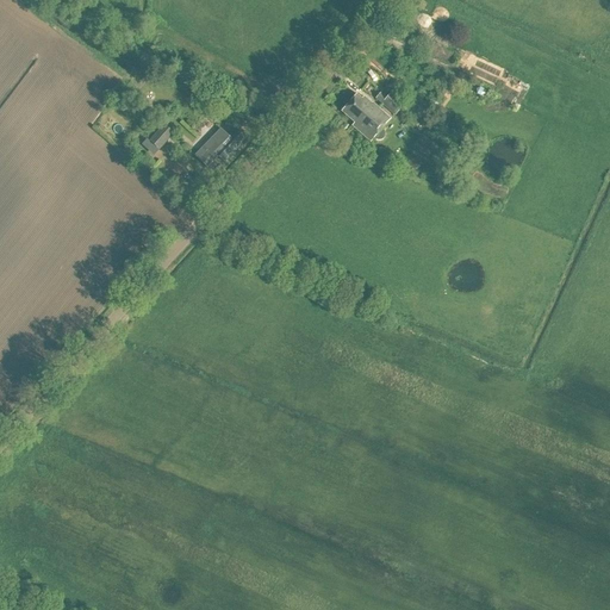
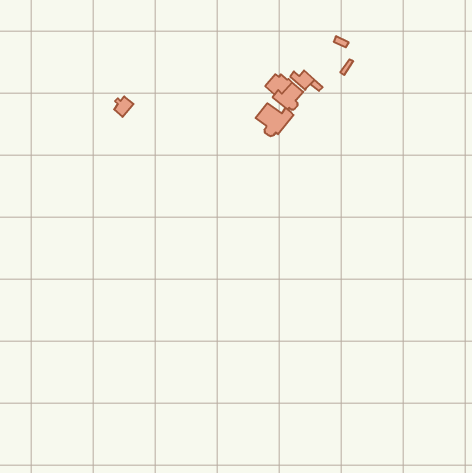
building: [192,127,244,169] -> none
building: none -> [256,103,294,136]

